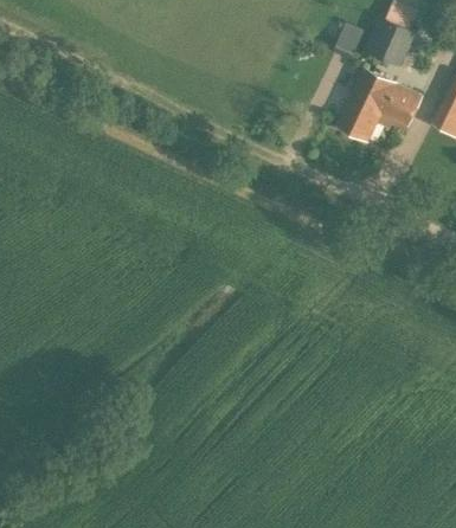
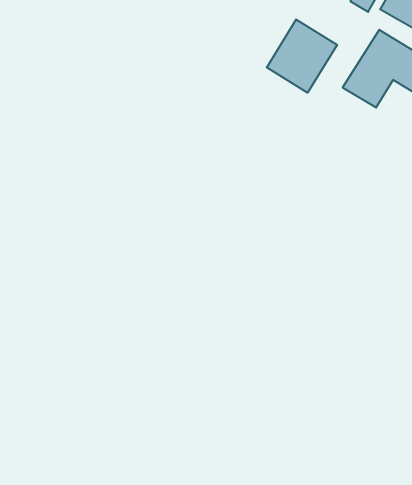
building: none -> [267,19,337,93]

